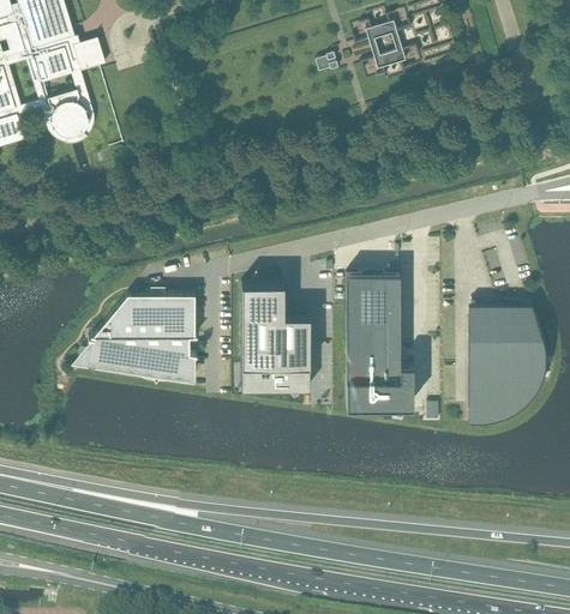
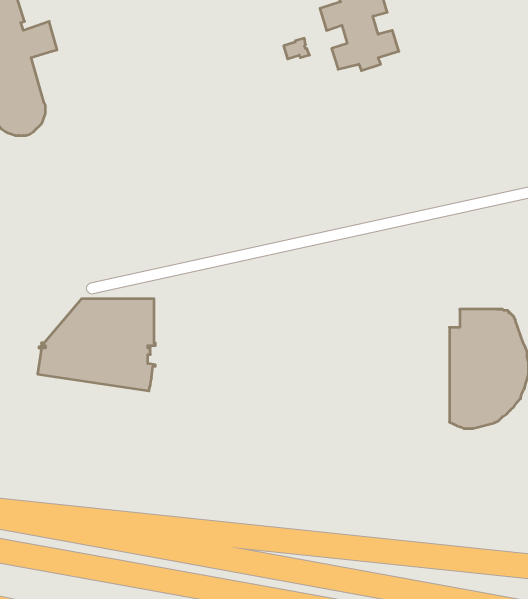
building: [347,276,413,407] -> none
building: [241,287,308,390] -> none

